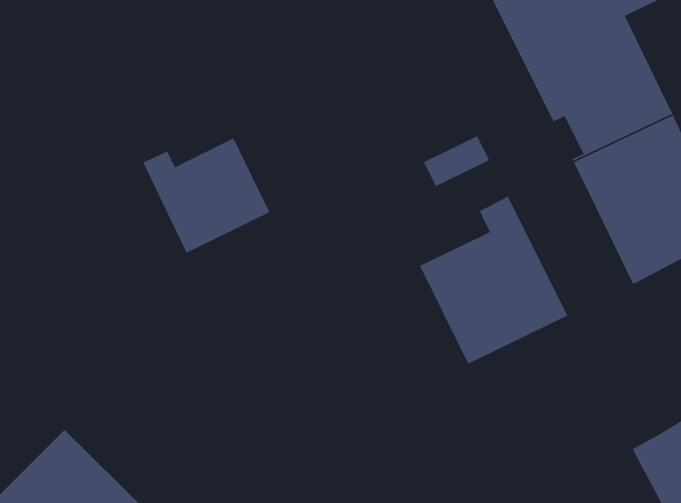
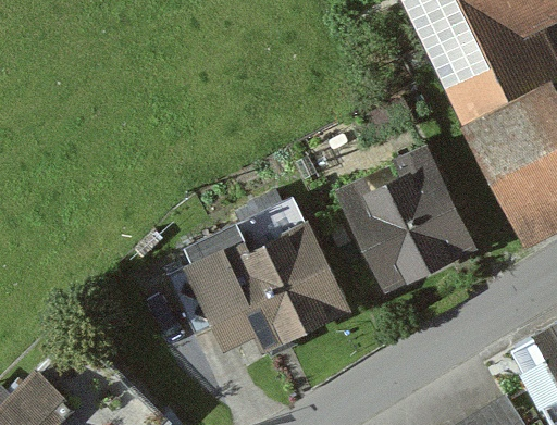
building: [142,137,270,254] -> none
building: none -> [165,202,342,346]

